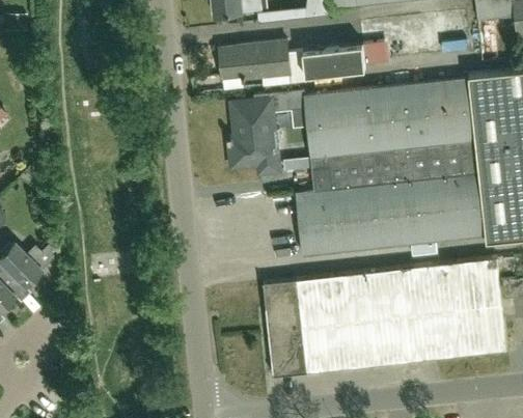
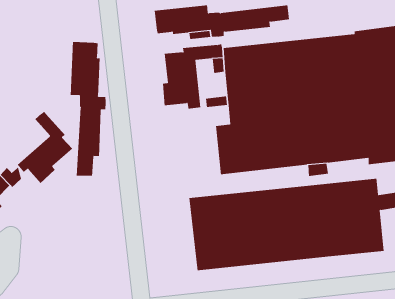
building: none -> [70,41,106,177]
building: none -> [17,111,73,184]

